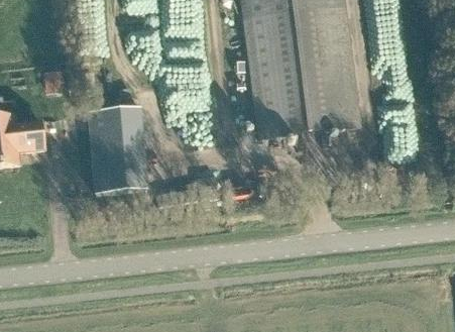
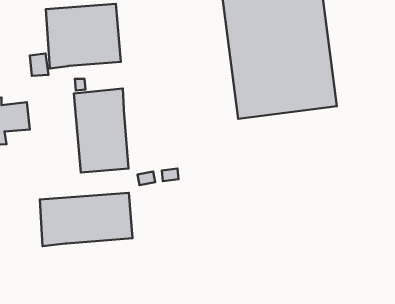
building: none -> [46,4,121,68]
building: none -> [40,193,133,246]

